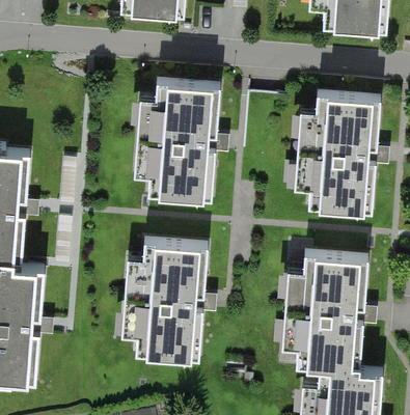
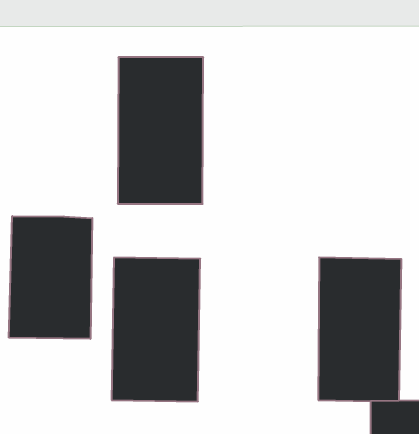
building: [292,98,365,215] -> none
building: none -> [9,216,92,339]

